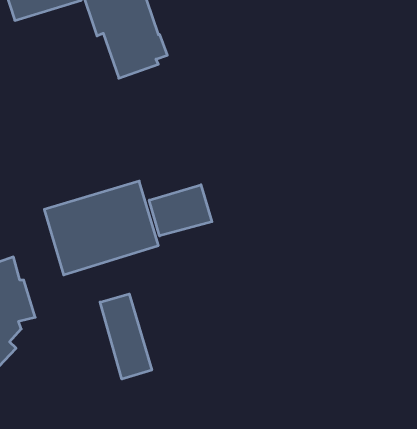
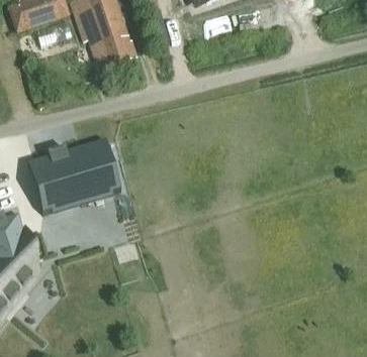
building: [149,185,212,236] -> none
building: [100,294,152,379] -> none

